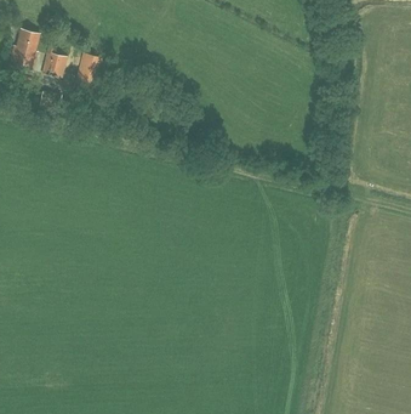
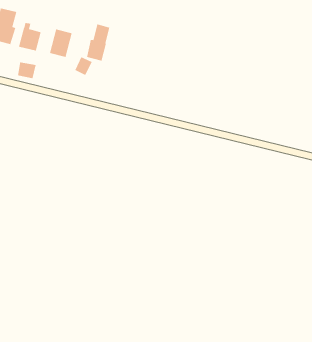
building: none -> [86,24,110,61]

